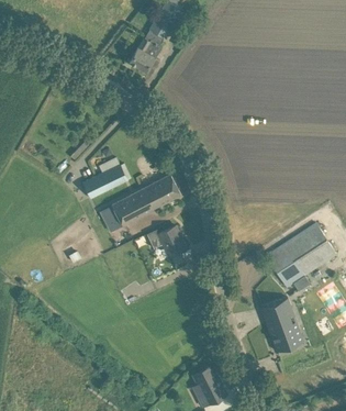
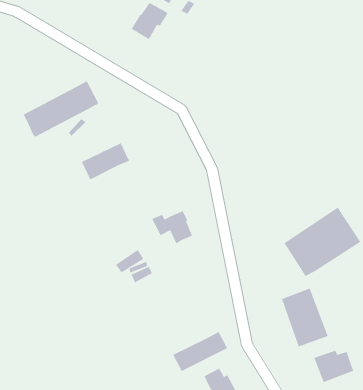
building: [111,174,180,225] -> [23,81,99,137]
building: none -> [172,331,228,372]
building: none -> [313,350,354,383]

